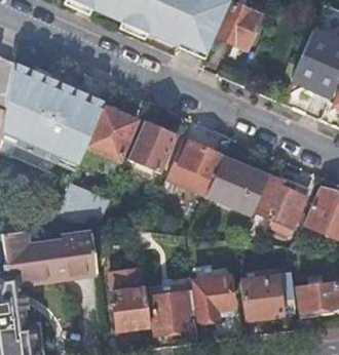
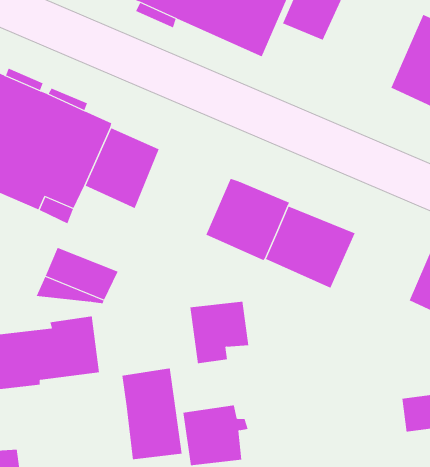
building: [127,120,178,172] -> none
building: [258,176,310,226] -> none
building: [241,274,296,319] -> none
building: [195,277,235,319] -> [190,301,249,364]

